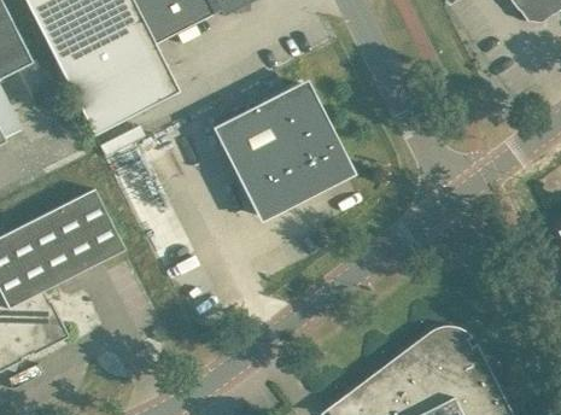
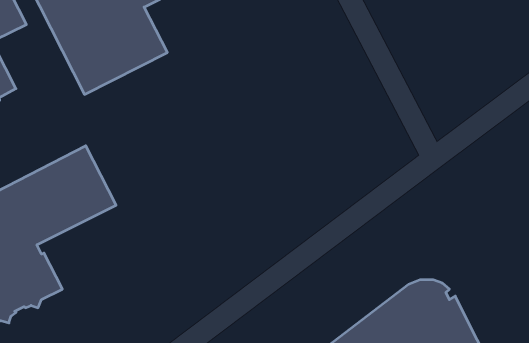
building: [212,82,345,215] -> none

